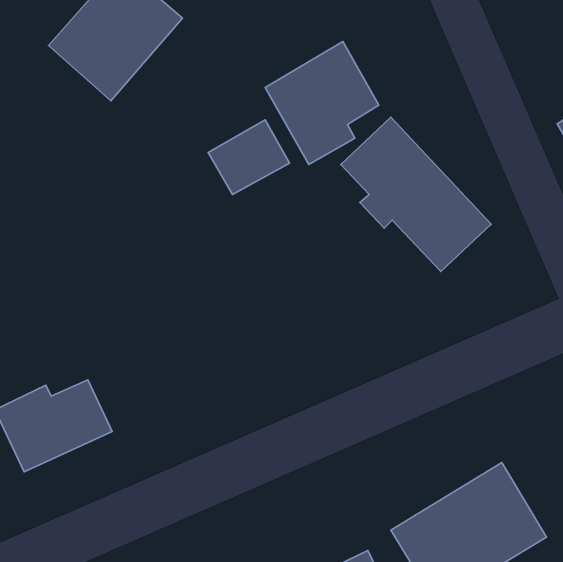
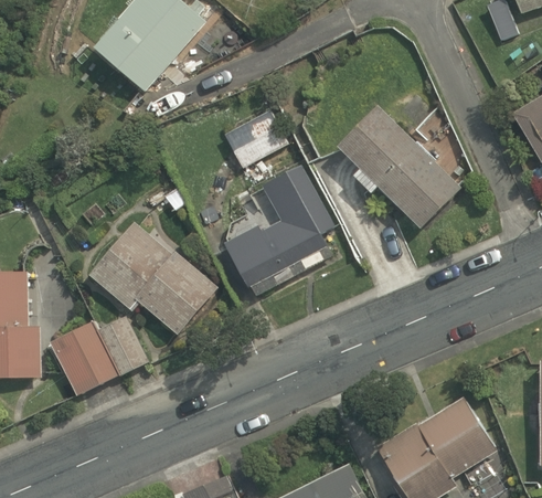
building: [265,42,379,164] -> none
building: none -> [225,163,332,294]
building: none -> [88,223,217,337]

